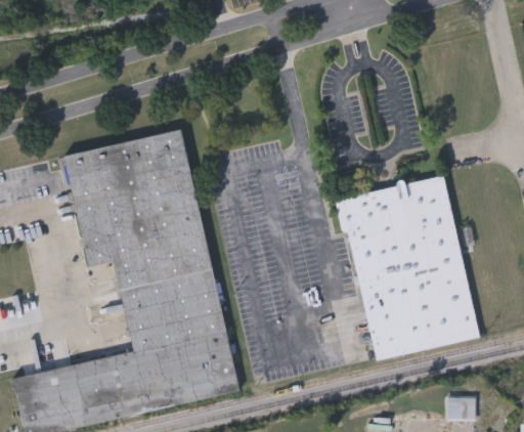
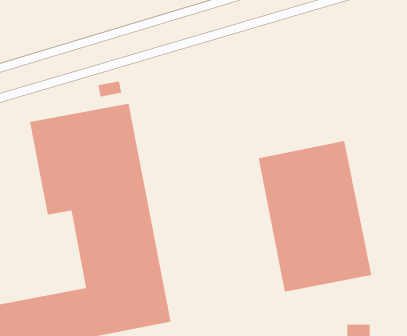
building: none -> [97,80,122,97]

